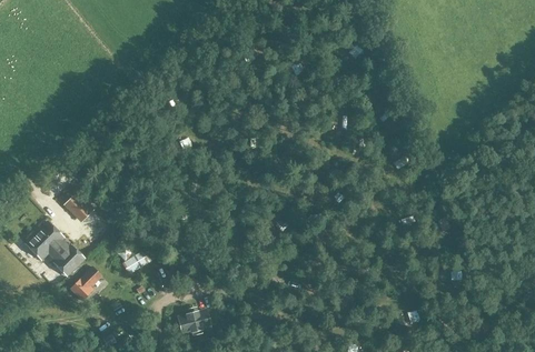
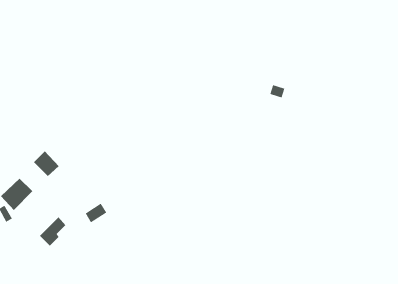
building: [53,244,85,276] -> none
building: [179,311,209,334] -> none

